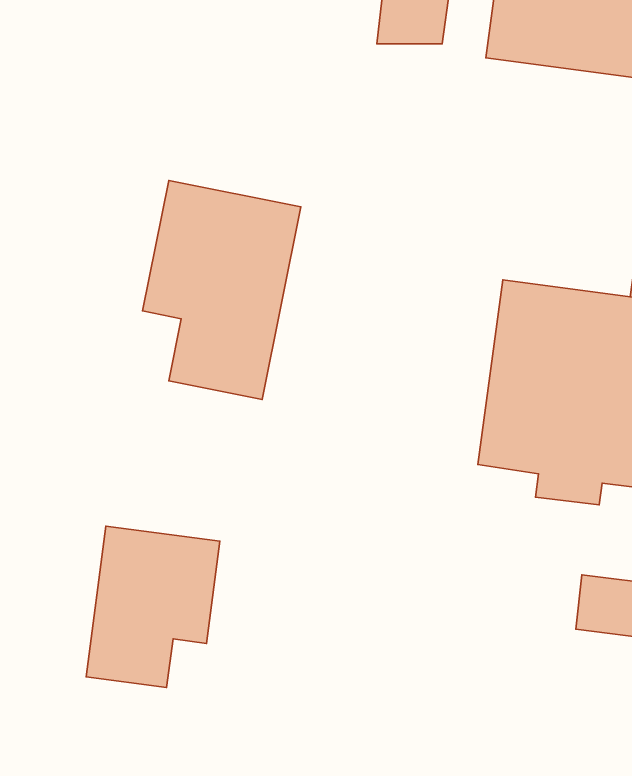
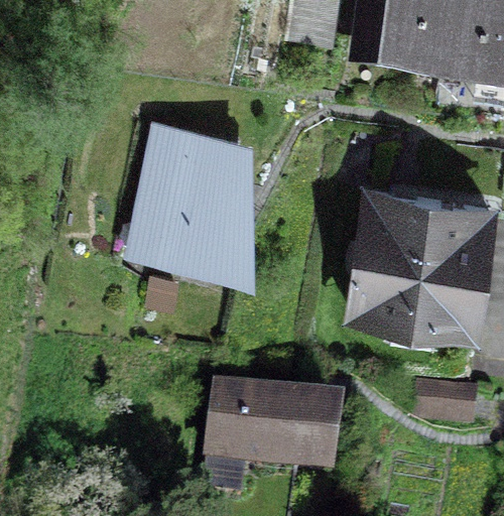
building: [86,526,220,687] -> none
building: none -> [212,395,343,473]

